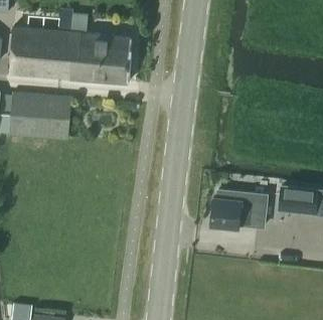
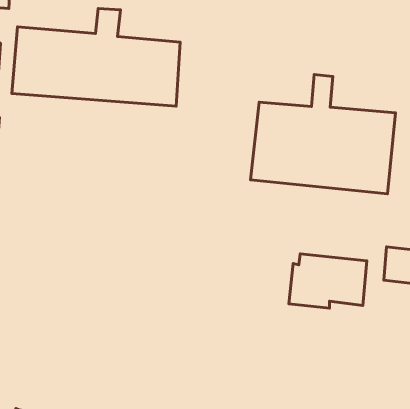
building: none -> [250,74,396,194]
building: [10,93,70,138] -> none

